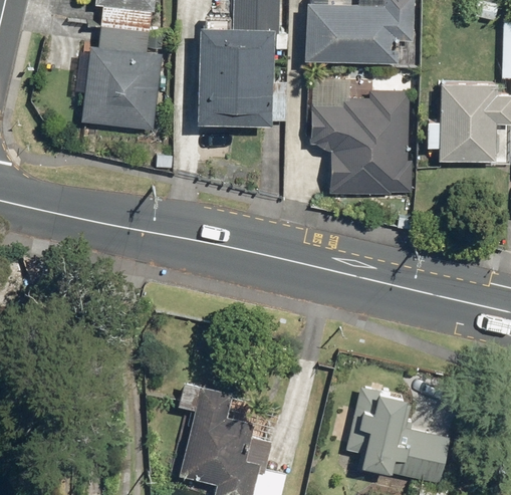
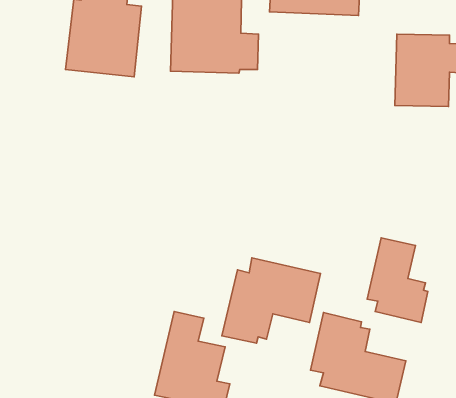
building: [311,90,415,193] -> none
building: none -> [367,238,428,322]
building: none -> [222,258,321,343]

